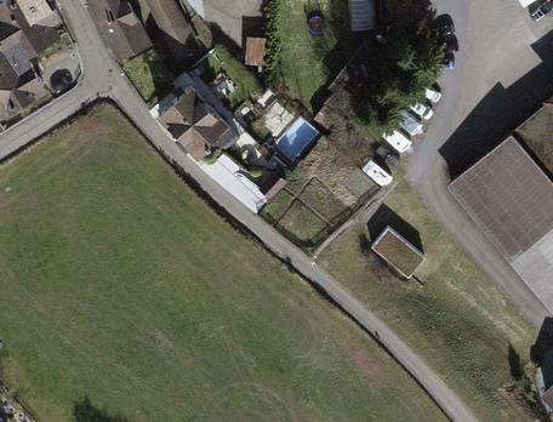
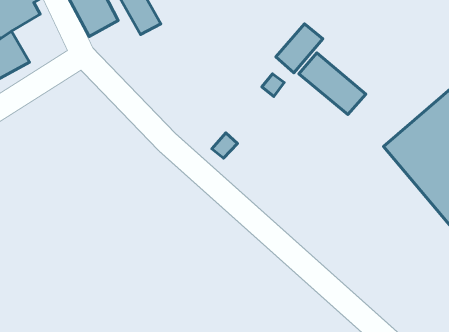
building: [158,73,239,159] -> none
building: none -> [299,53,366,114]
building: [372,229,424,278] -> none

